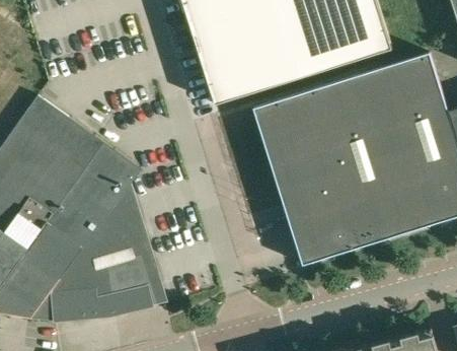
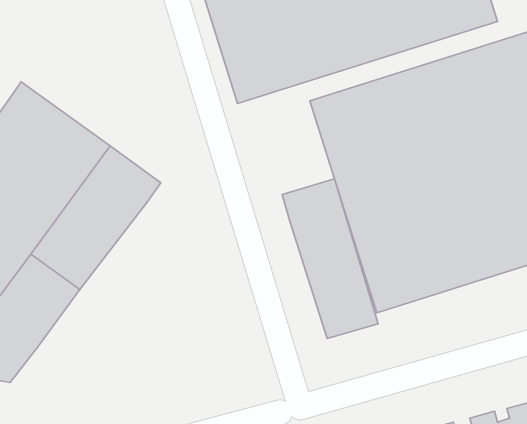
building: none -> [282,179,378,339]
building: [31,184,168,320] -> none

